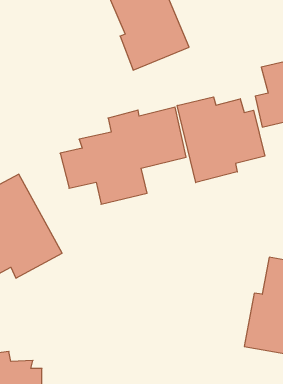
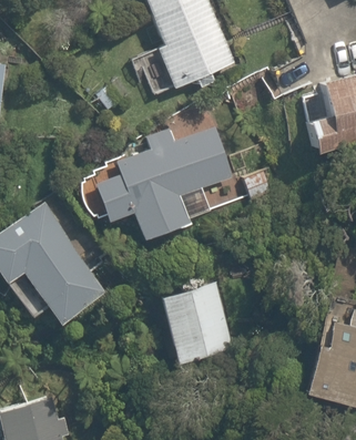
building: [177,97,265,183] -> none
building: none -> [153,283,238,364]

